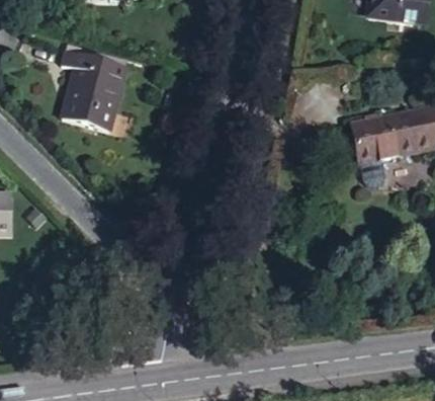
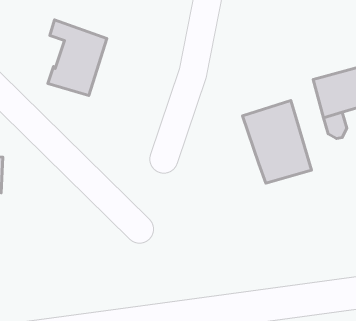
building: none -> [243,101,312,183]

